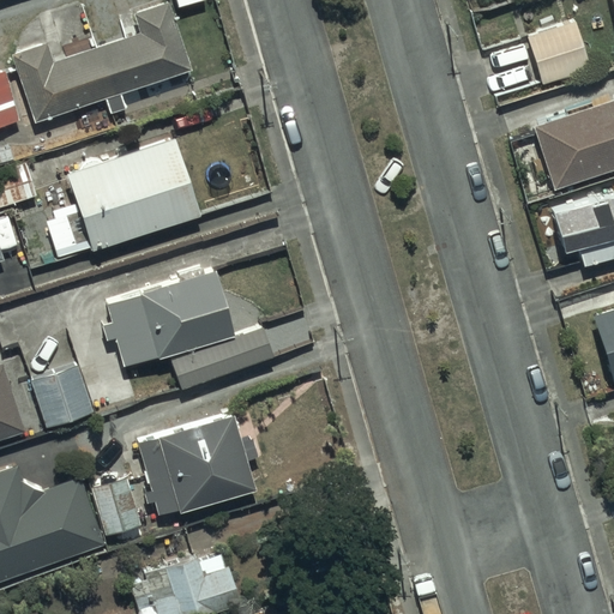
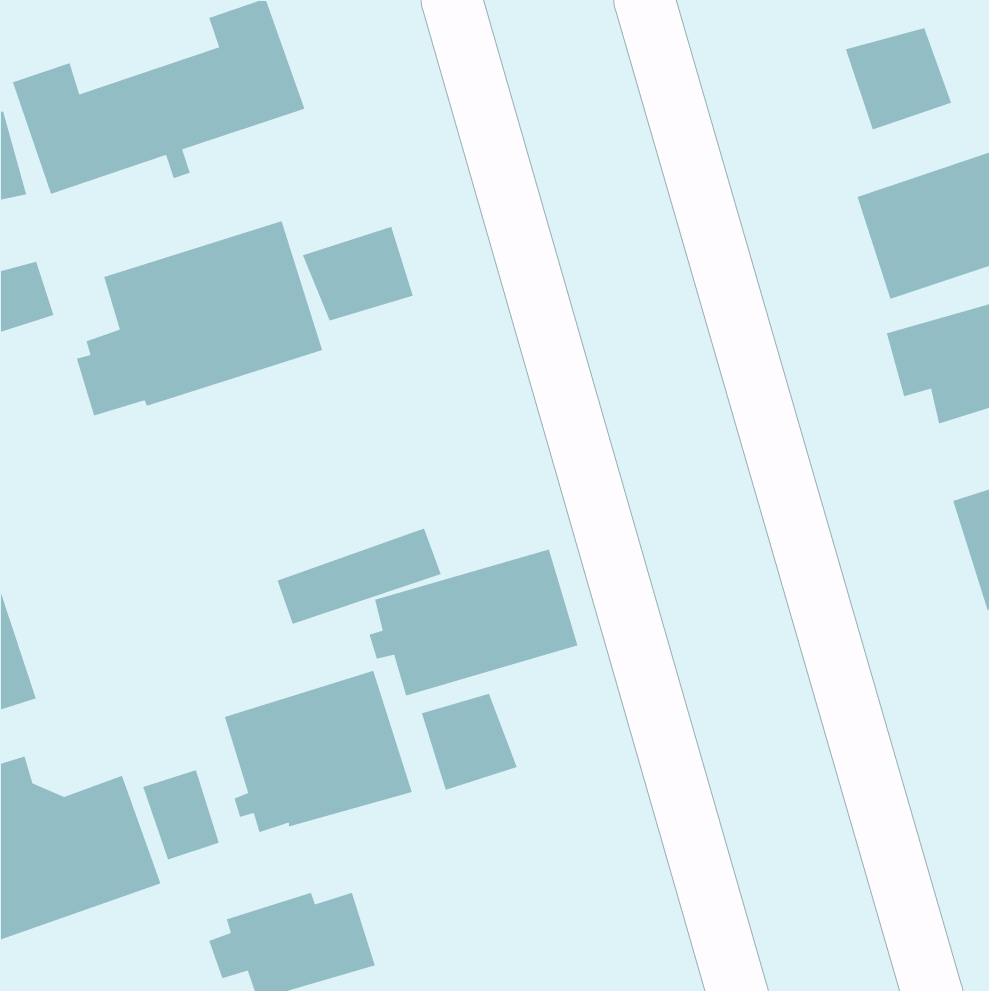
building: none -> [302,226,414,322]
building: [104,272,234,363] -> [368,548,579,696]
building: [34,366,98,429] -> none
building: none -> [421,693,518,791]

